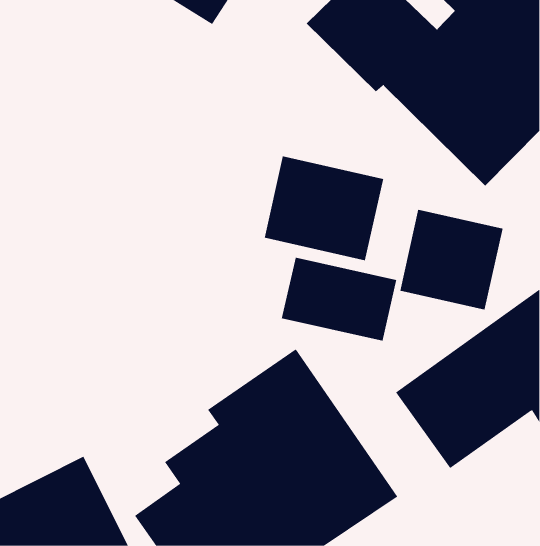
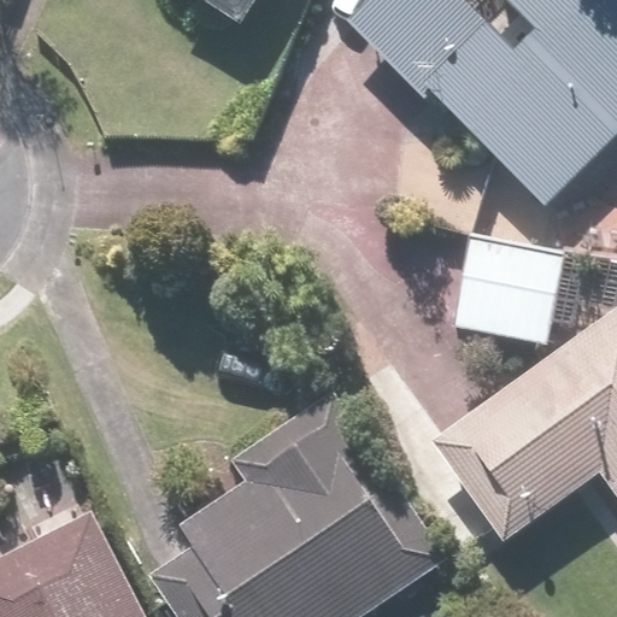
building: [264,156,384,261] -> none
building: [281,257,397,342] -> none

